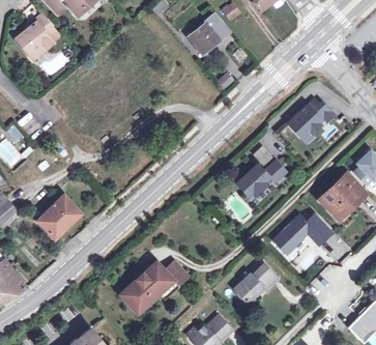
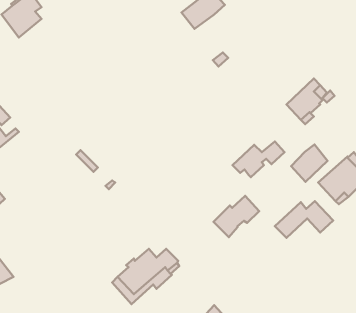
building: none -> [291,145,328,182]
building: [37,196,80,238] -> none
building: [234,265,278,305] -> [214,196,259,237]

